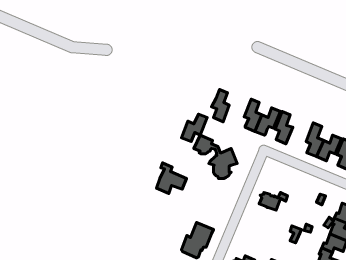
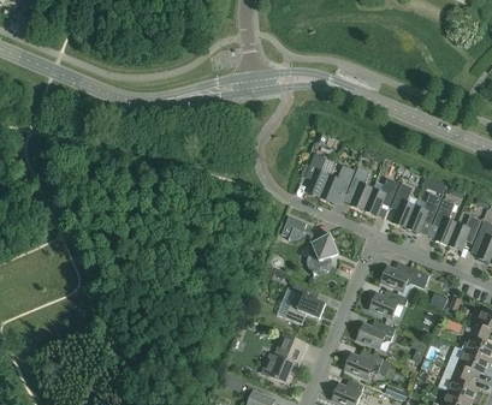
building: [182,114,207,141] -> [320,163,355,201]
building: none -> [405,191,441,232]
building: [156,163,186,194] -> [285,281,326,323]
building: none -> [380,264,429,297]
building: none -> [357,322,396,350]
building: none -> [344,352,383,377]

